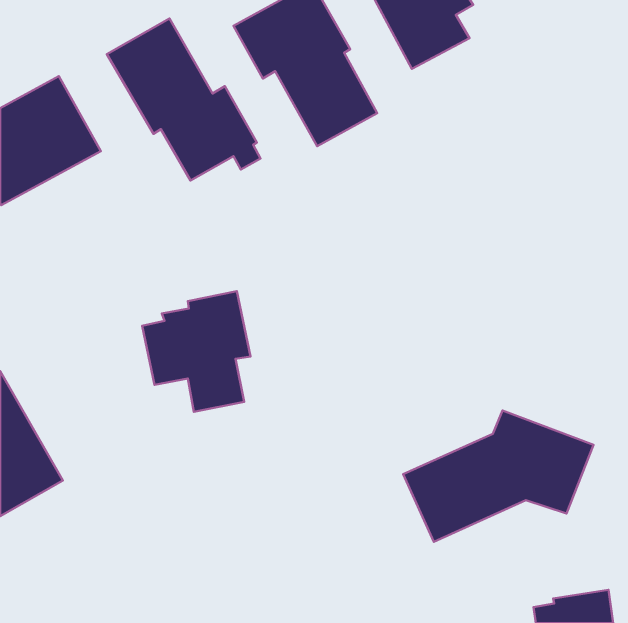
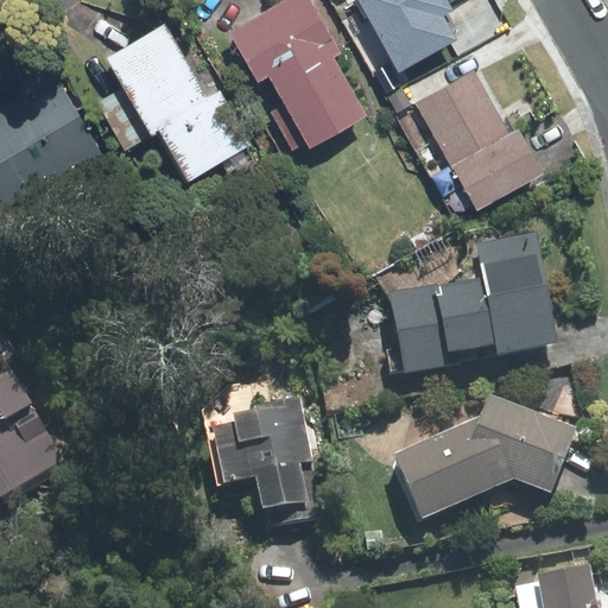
building: none -> [413,65,539,203]
building: none -> [386,236,553,376]
building: [142,291,250,412] -> [209,397,314,513]

